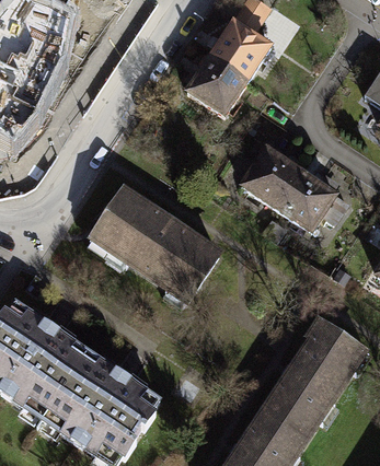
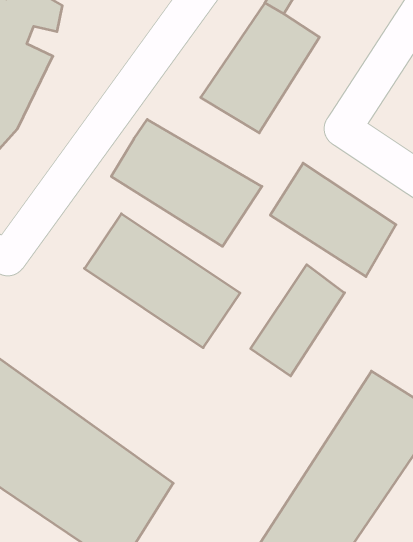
building: none -> [111,119,262,246]
building: none -> [251,265,345,376]

